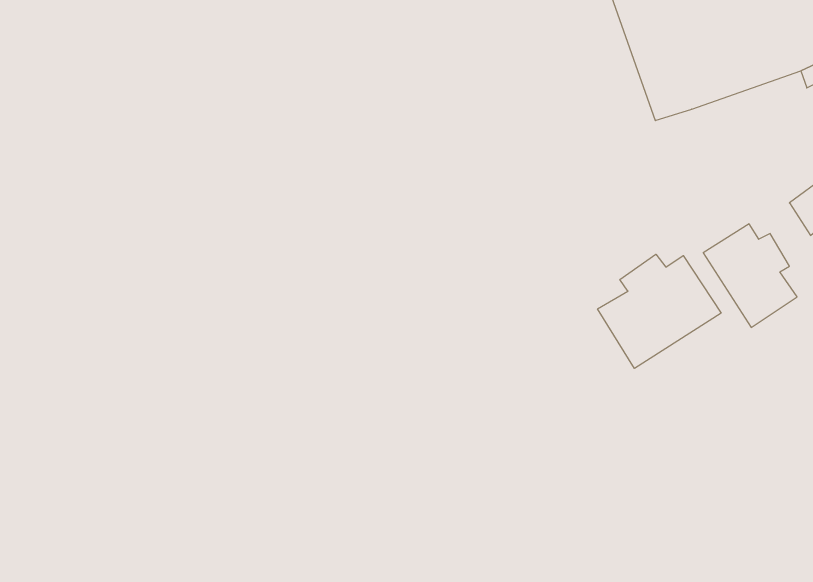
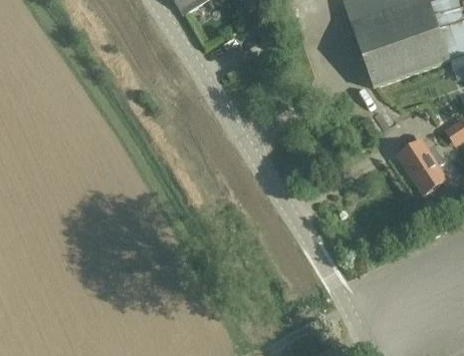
building: [598,254,721,368] -> none

